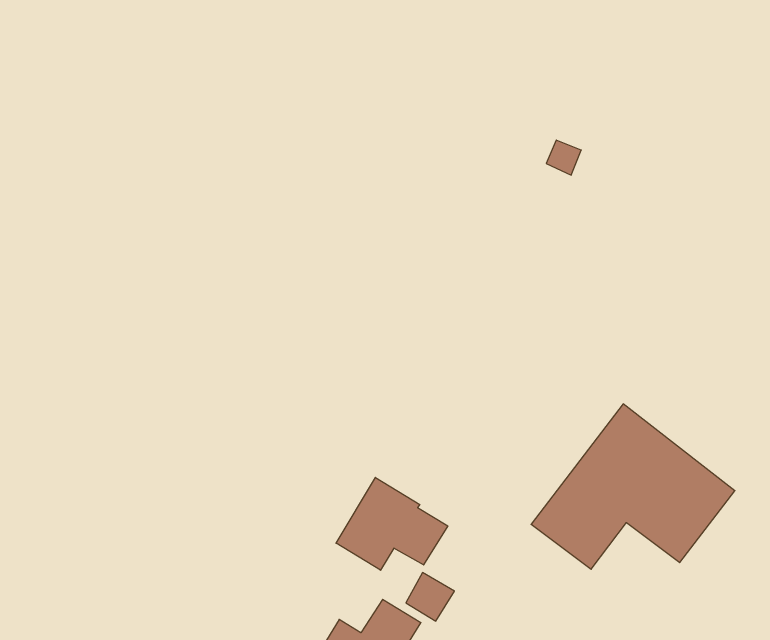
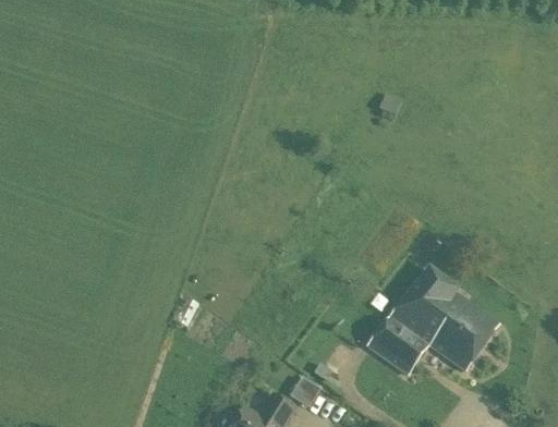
building: [336,477,448,570] -> none

